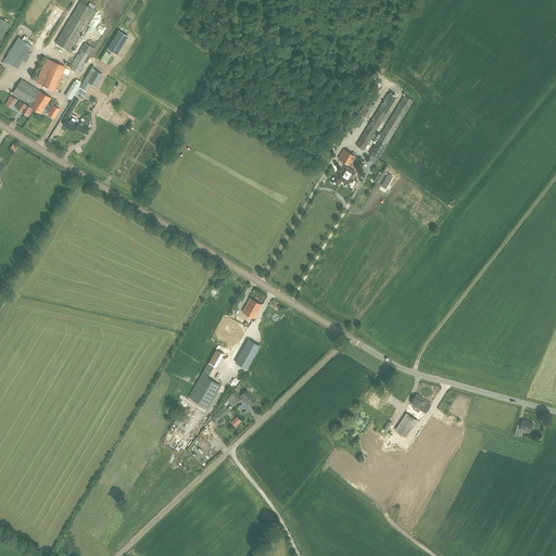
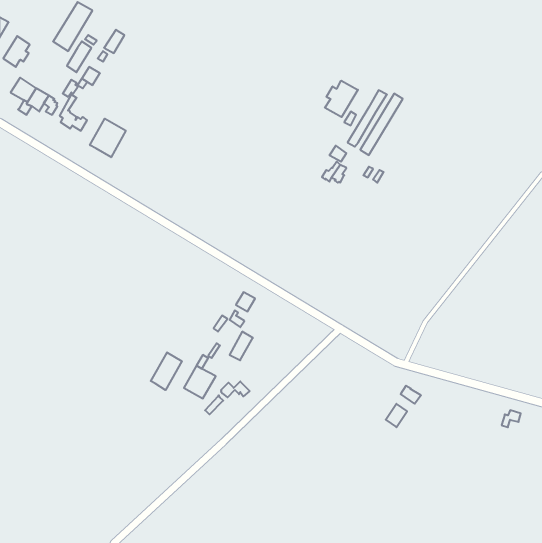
building: [35,60,70,93] -> none
building: none -> [325,81,358,117]
building: none -> [90,119,126,157]
building: none -> [151,352,182,390]

